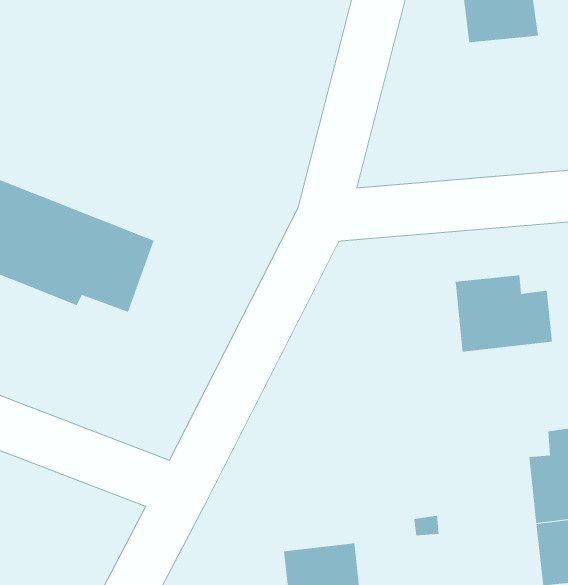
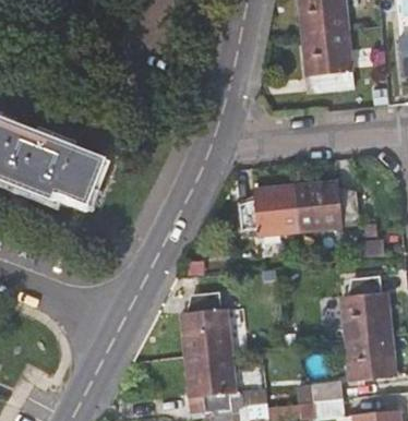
building: none -> [303,28,353,87]
building: none -> [239,184,299,234]
building: none -> [181,293,231,356]

